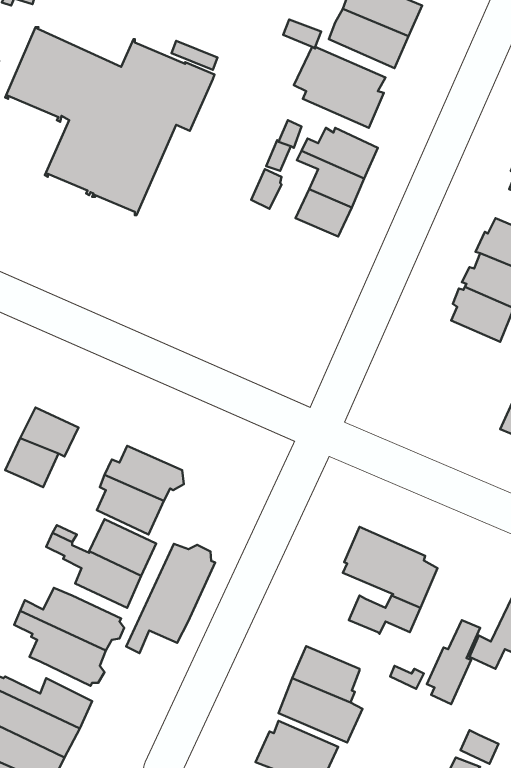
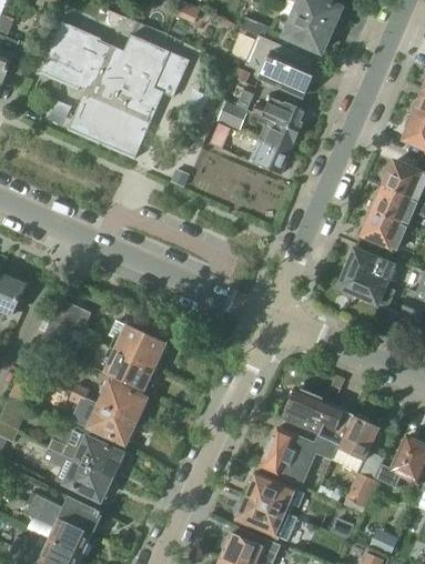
building: none -> [338,249,396,308]
building: [126,544,215,653] -> none
building: none -> [333,415,380,473]
building: none -> [261,427,310,483]

